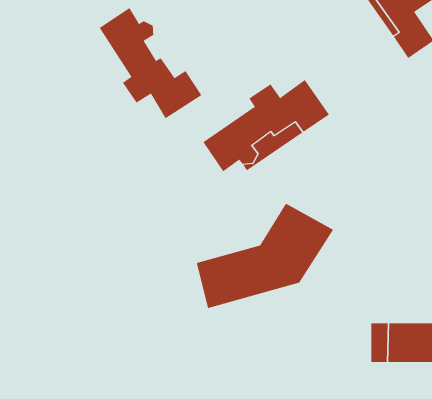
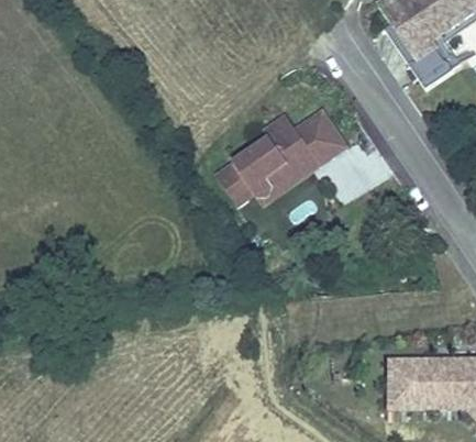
building: [99,7,202,119] -> none
building: [196,203,334,309] -> none

